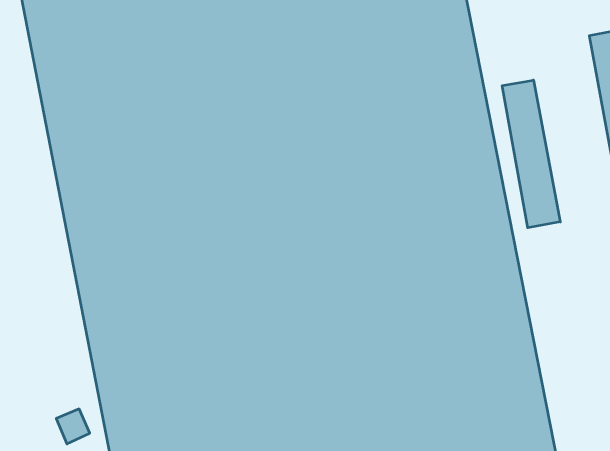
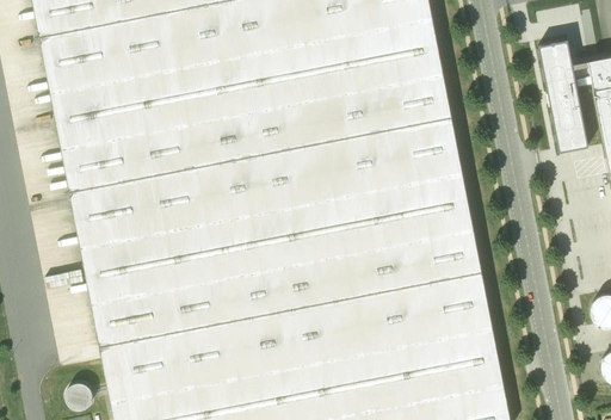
building: [502,80,560,228] -> none

